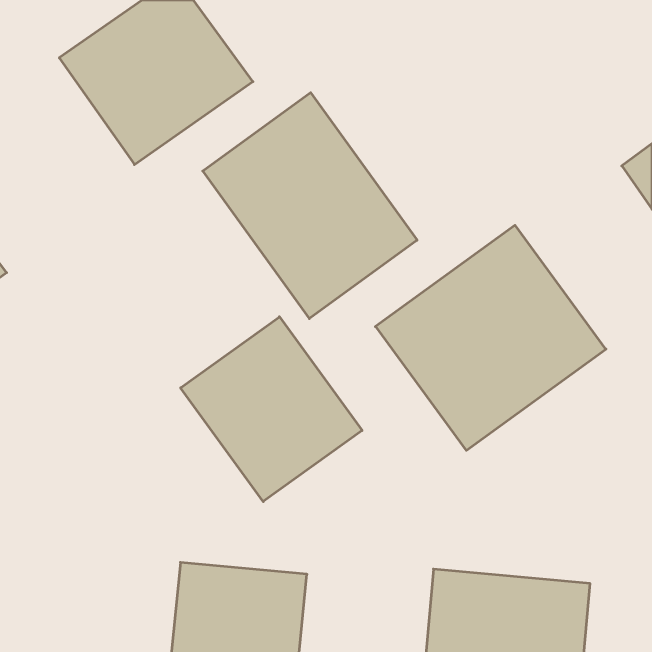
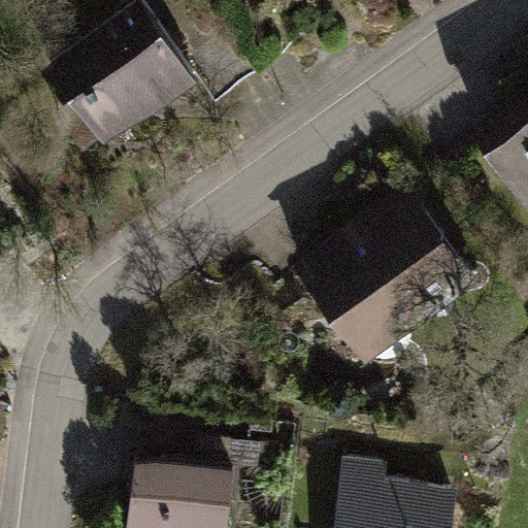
building: [203,93,417,319] -> none
building: [181,317,362,502] -> none

